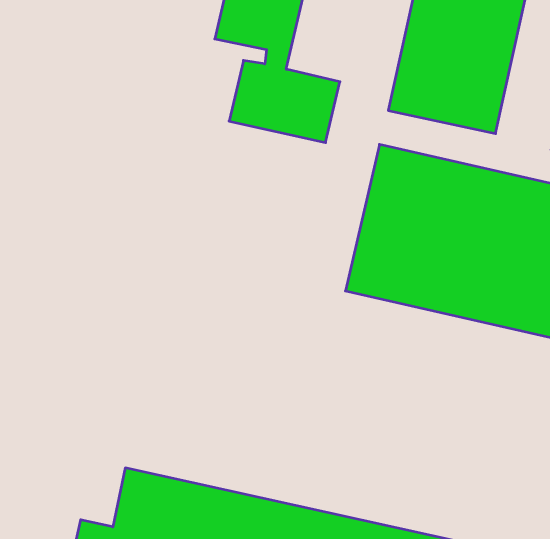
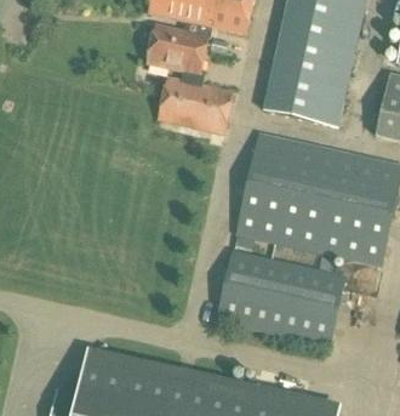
building: none -> [218,247,345,342]

